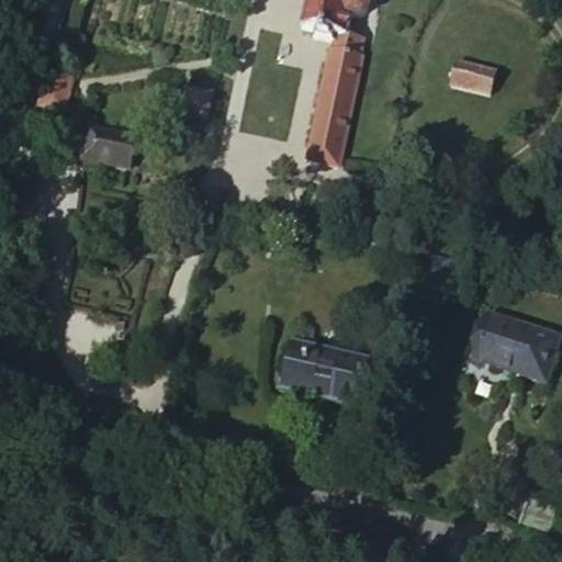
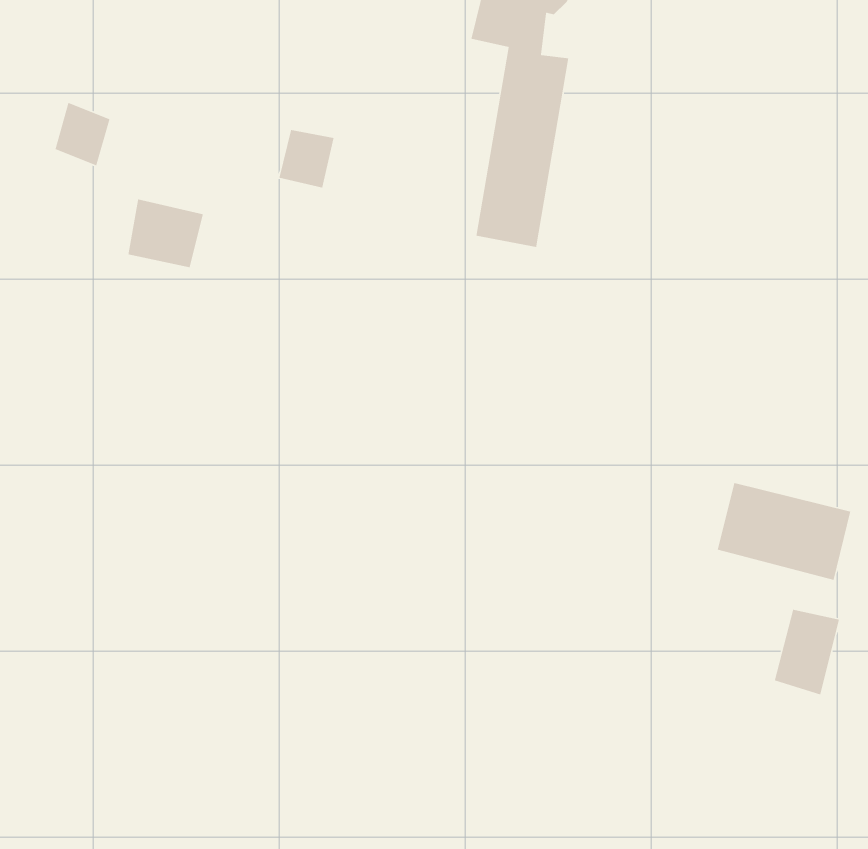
building: [451,59,499,90] -> none
building: [282,339,374,406] -> none
building: none -> [774,609,840,696]

